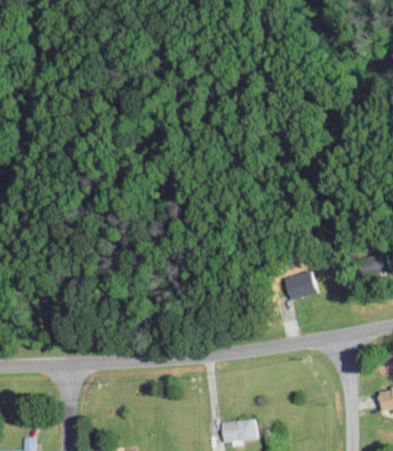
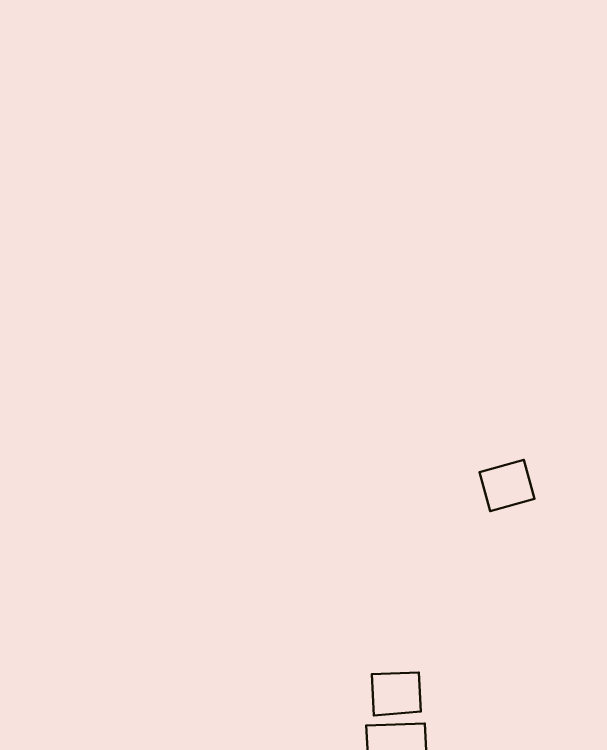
building: none -> [372,672,421,715]

